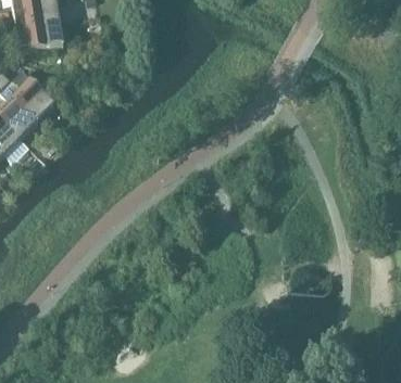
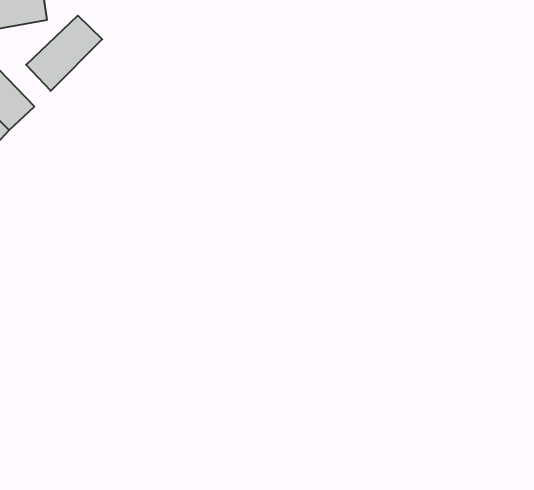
building: none -> [26,16,102,91]

